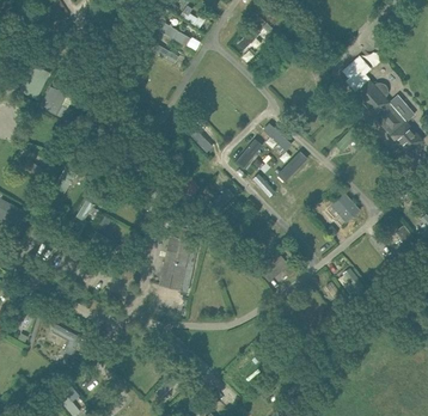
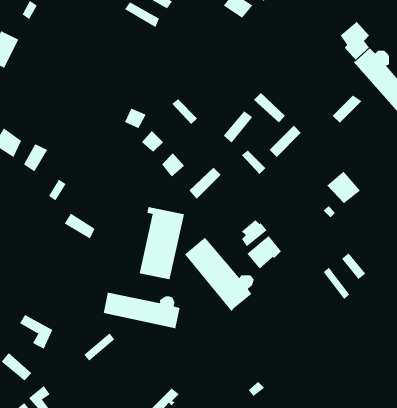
building: [41,87,75,122] -> none
building: none -> [184,237,254,312]
building: none -> [103,292,180,329]

